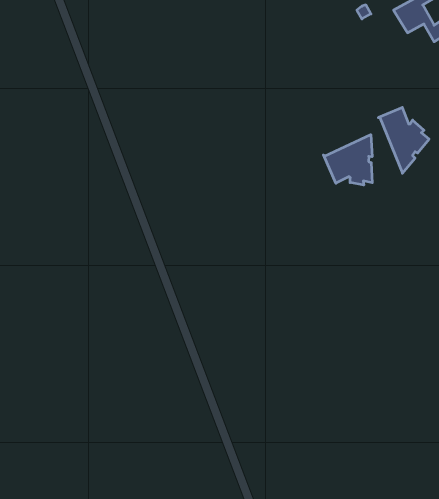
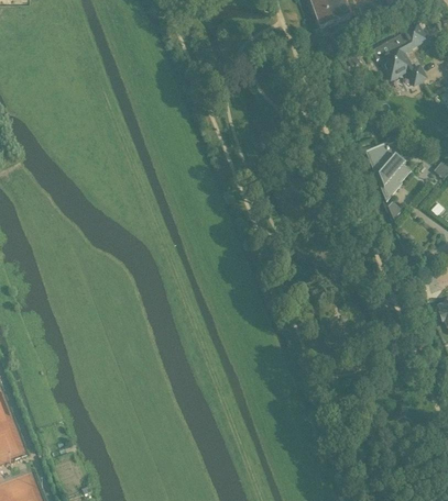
building: [323,135,372,185] -> none

